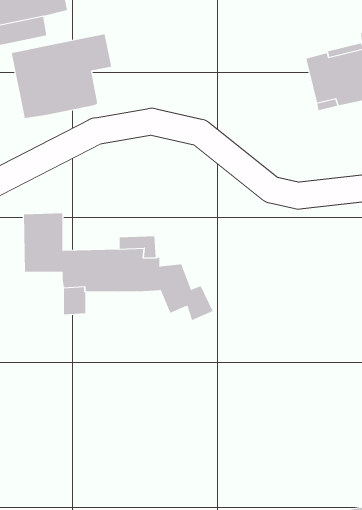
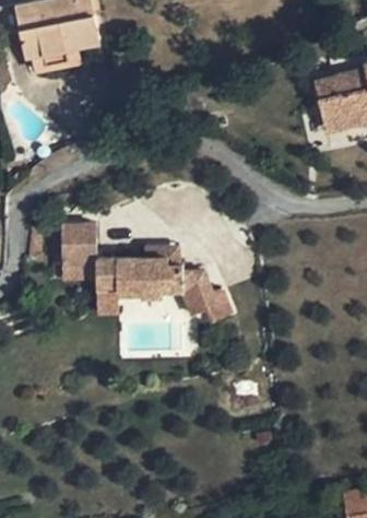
building: [11,34,112,119] -> none

